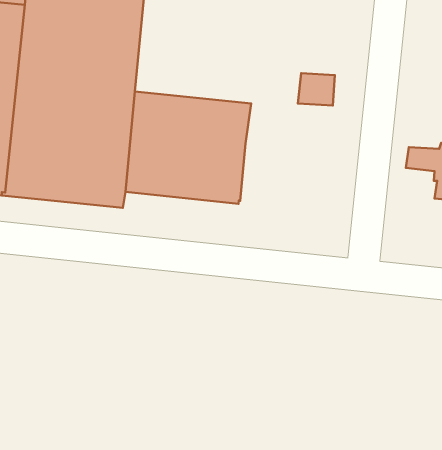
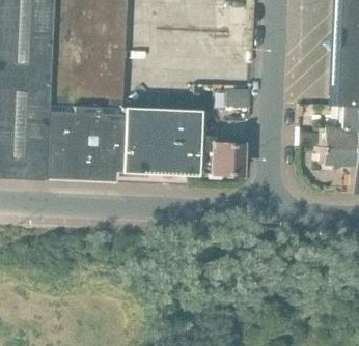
building: none -> [198,135,244,174]

